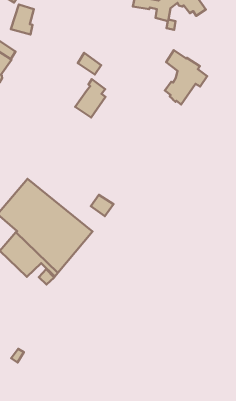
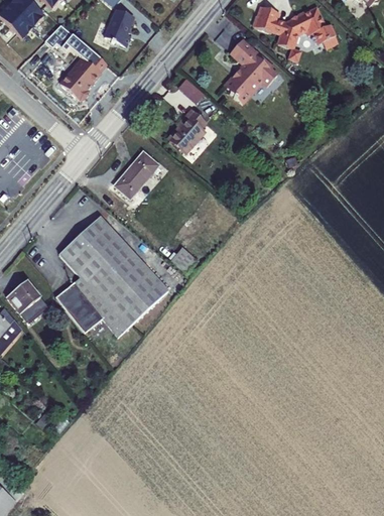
building: [165,50,207,104] -> [223,38,275,104]
building: none -> [115,150,159,198]

